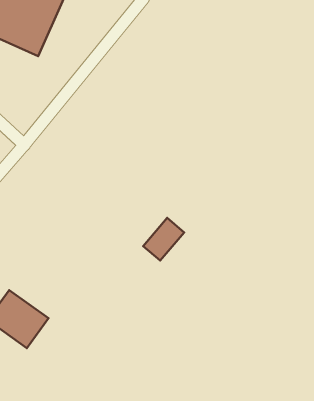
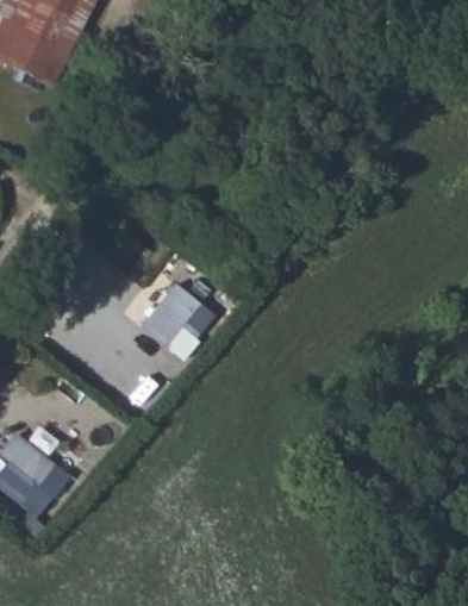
building: [143,218,184,261] -> [143,281,204,344]

